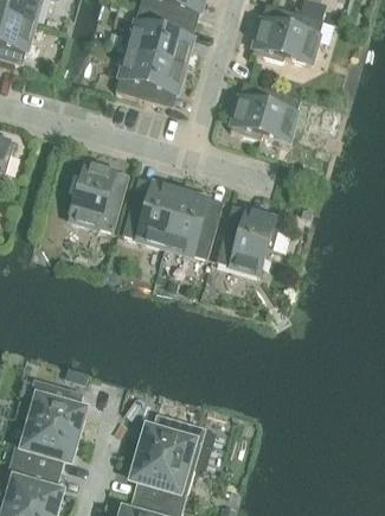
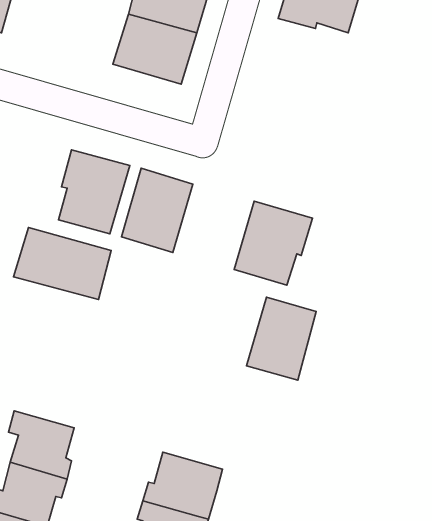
building: [230,81,301,141] -> none
building: [165,190,223,259] -> [246,297,316,380]
building: none -> [14,227,111,300]

